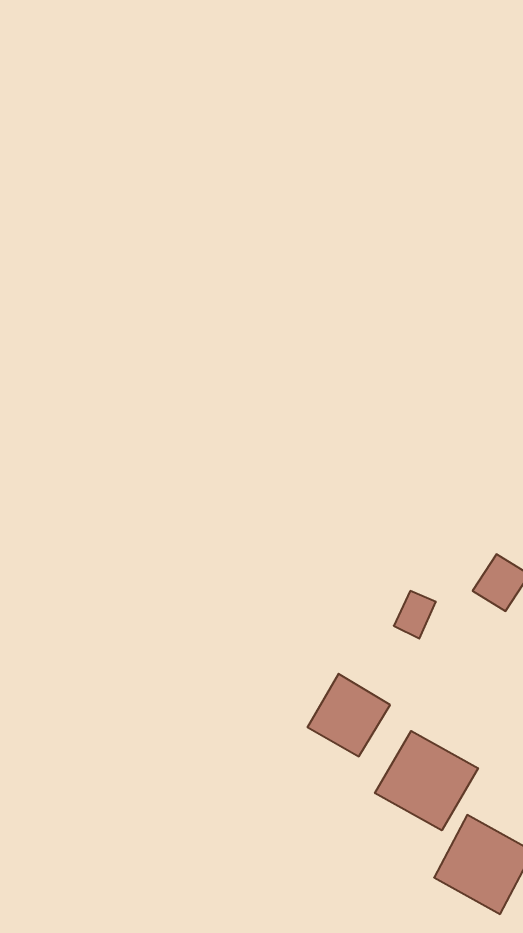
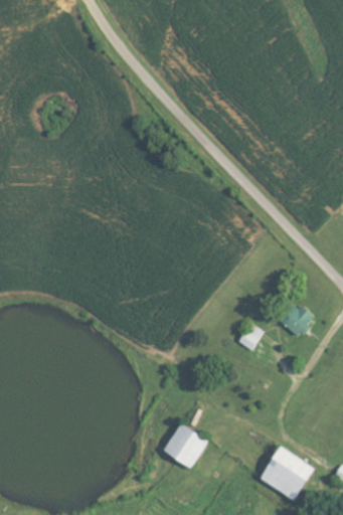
building: [307,674,390,756] -> [163,422,208,468]
building: [375,731,478,830] -> none

